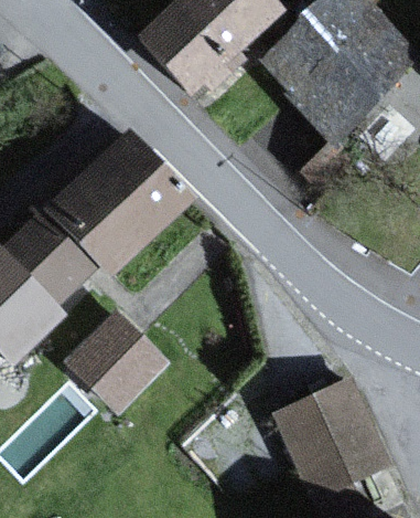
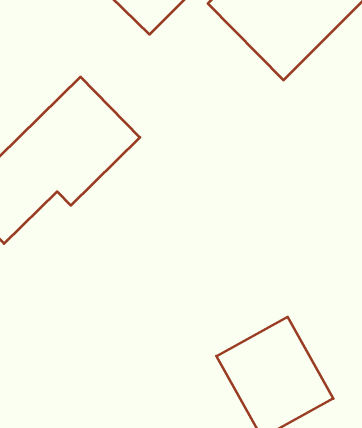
building: [62,319,159,417] -> none

